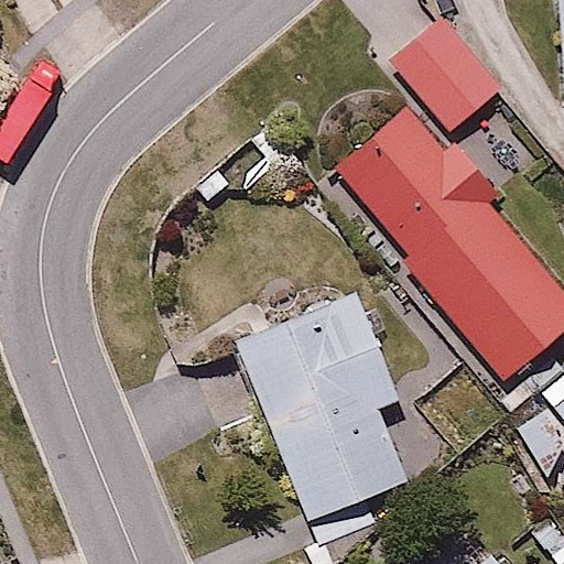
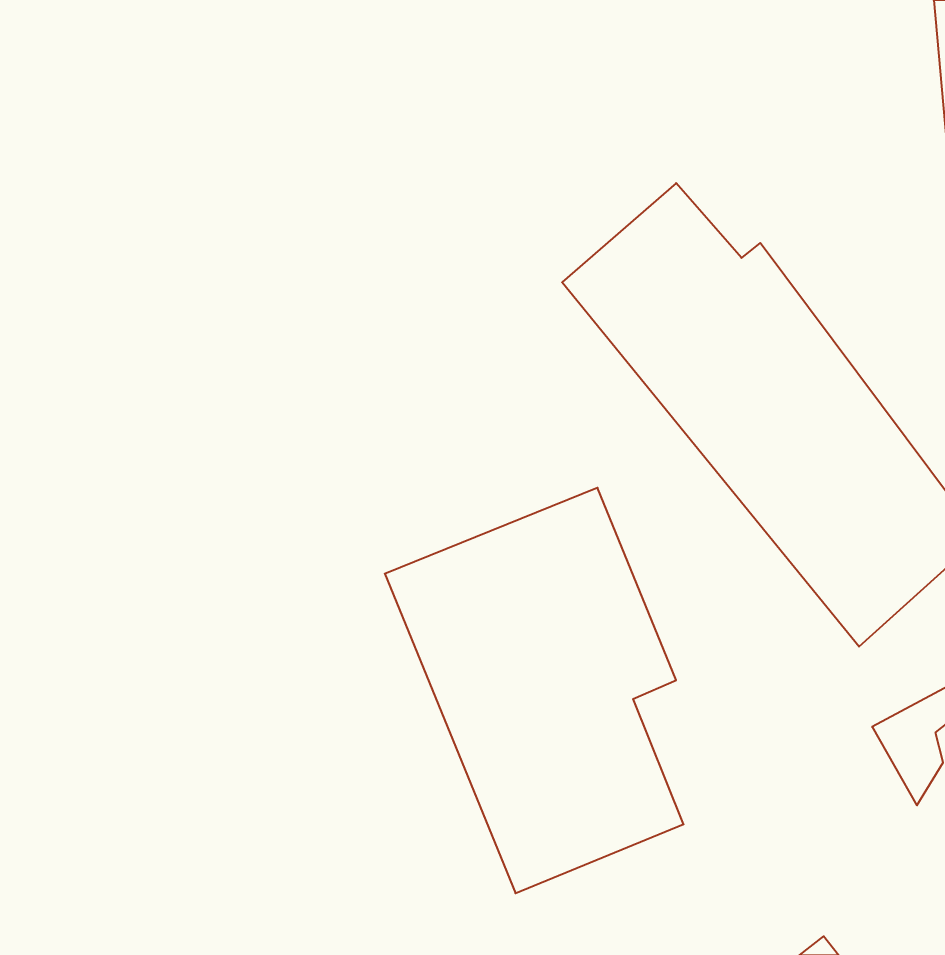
building: [392,14,502,132] -> none

